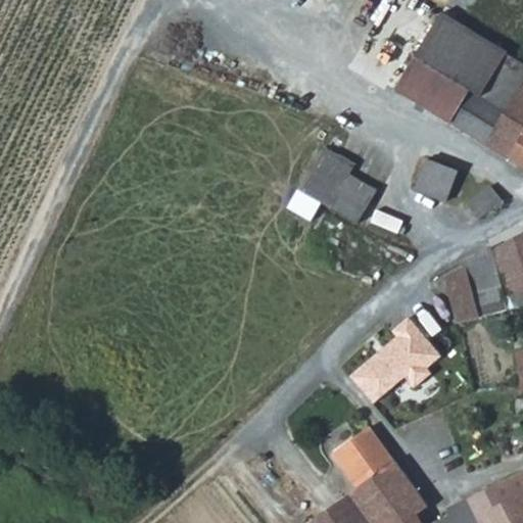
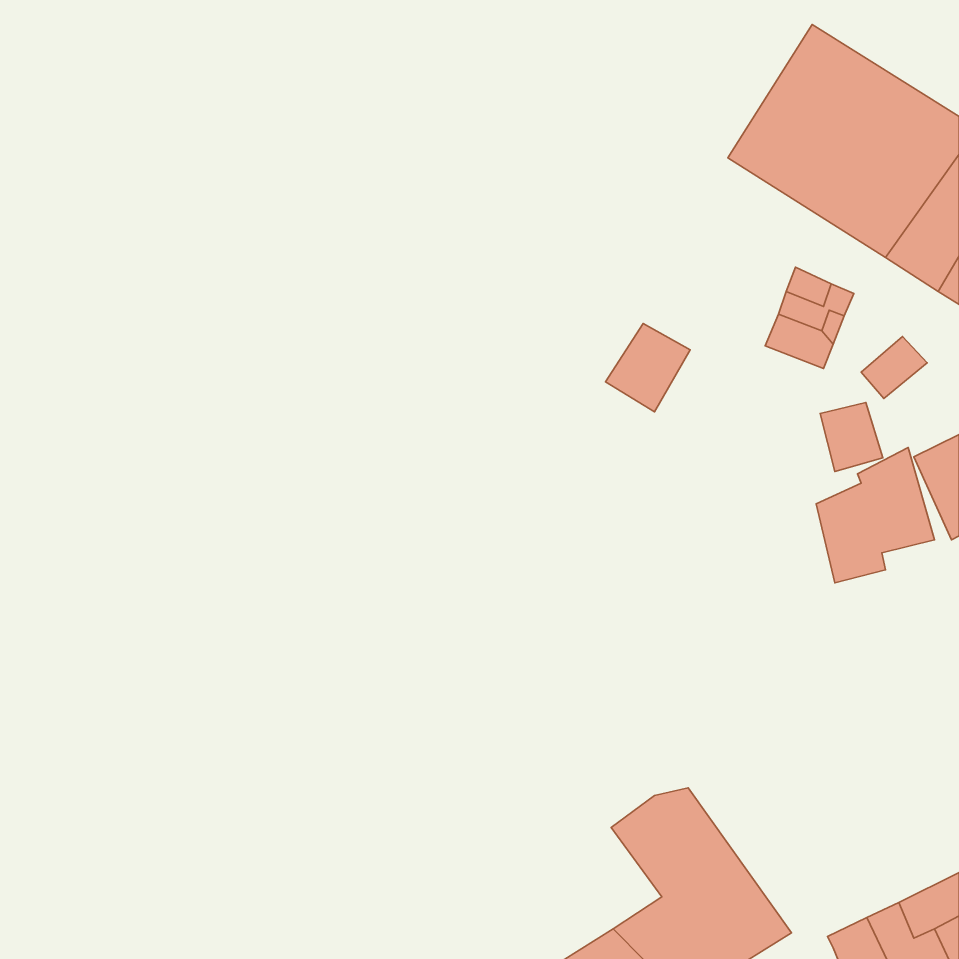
building: [297,149,353,208] -> none
building: none -> [820,402,883,471]
building: [350,320,445,409] -> none

